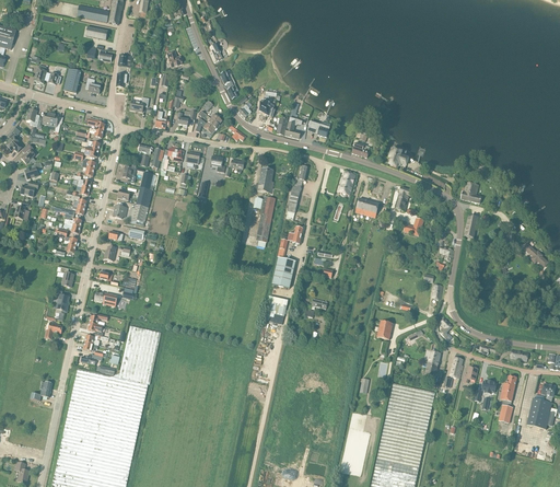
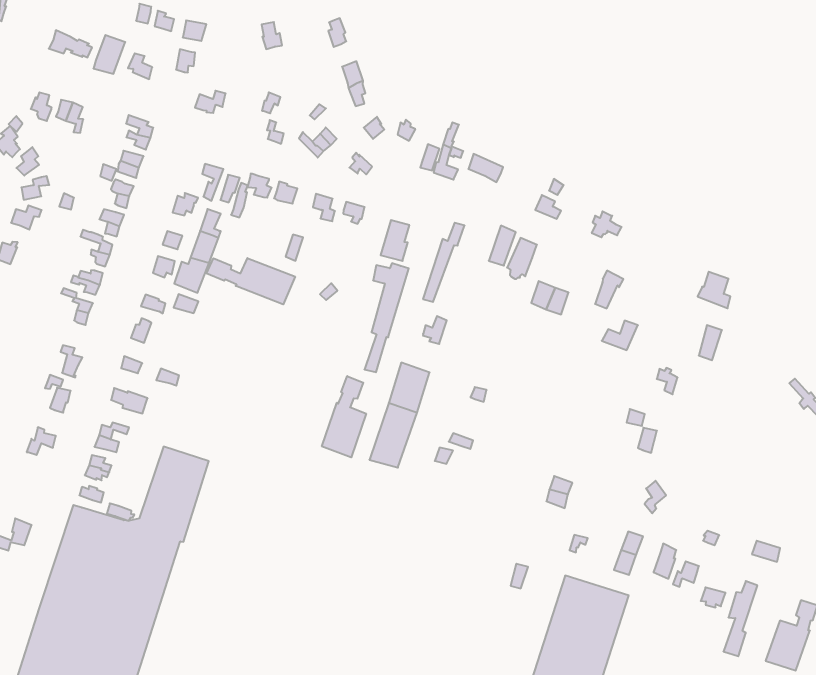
building: none -> [207,258,295,304]
building: none -> [322,376,366,457]

